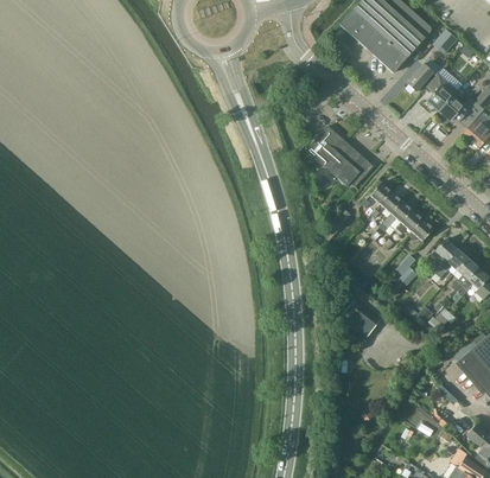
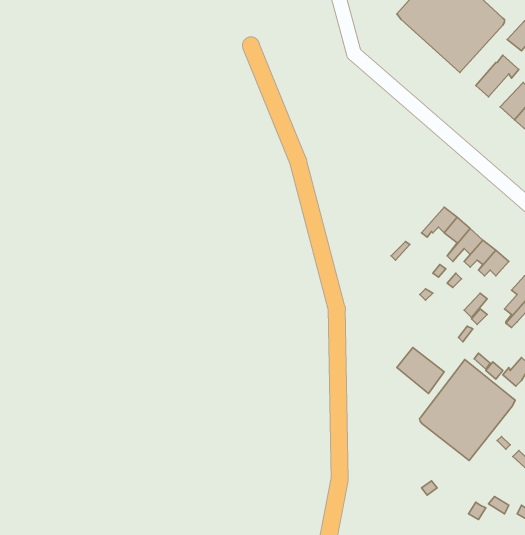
building: [305,125,374,186] -> none
building: none -> [420,360,515,461]

